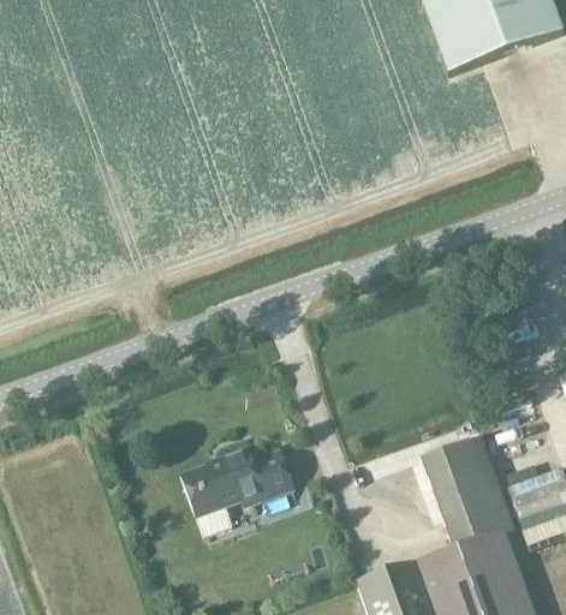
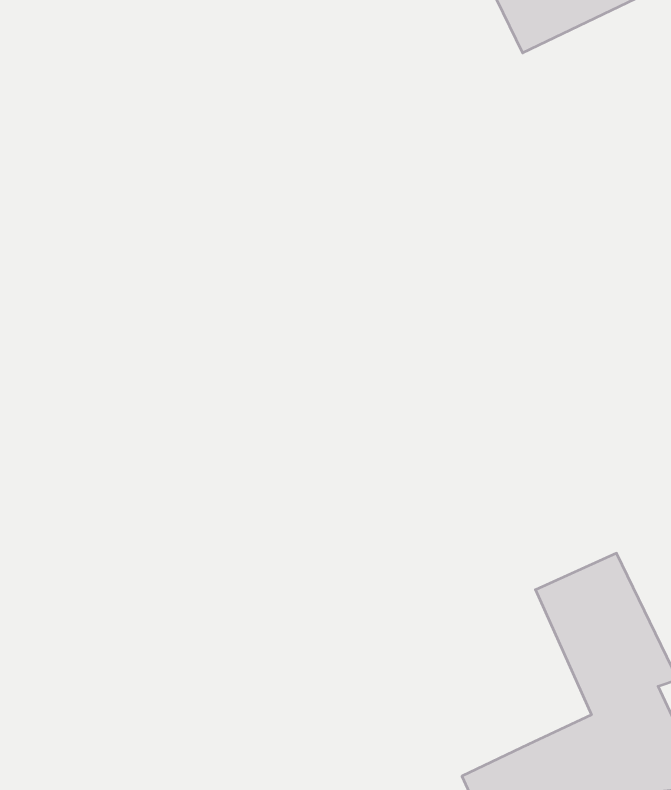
building: [181,446,292,535] -> none

